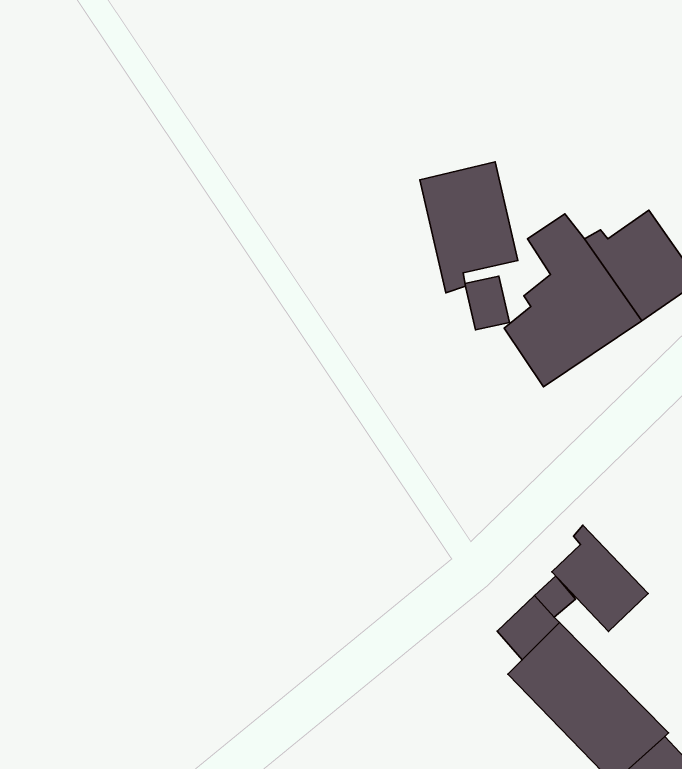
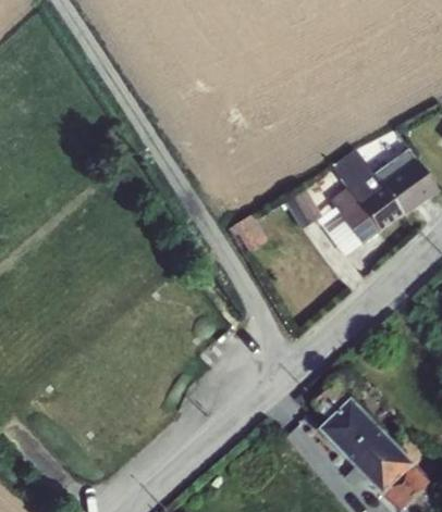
building: [420,162,518,293] -> none
building: [552,525,648,631] -> none

